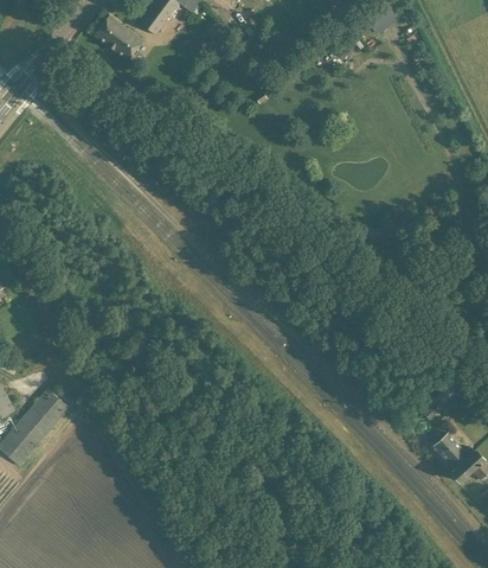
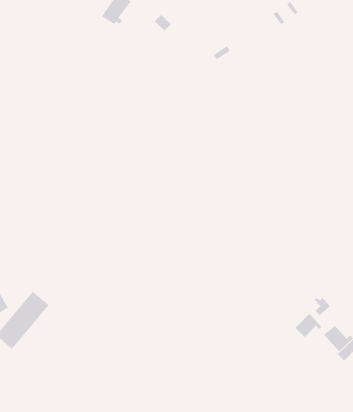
building: [92,14,142,60] -> none
building: none -> [294,313,322,338]

